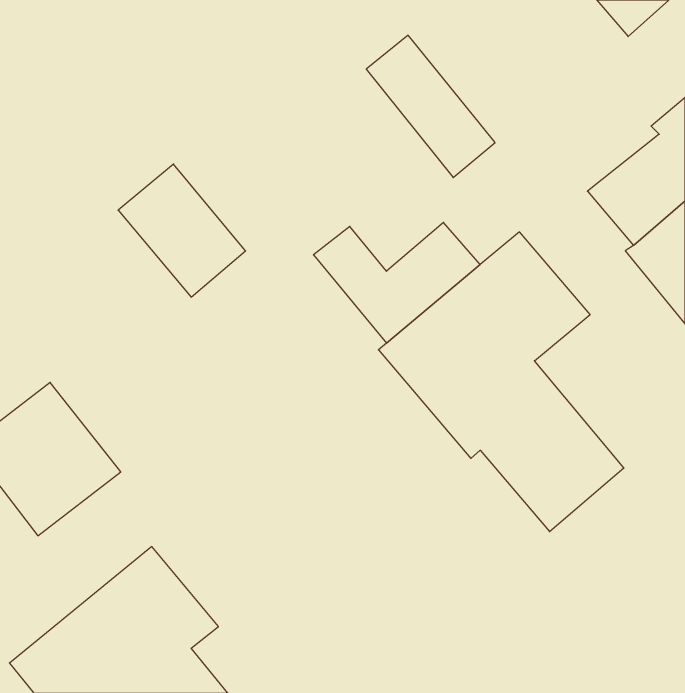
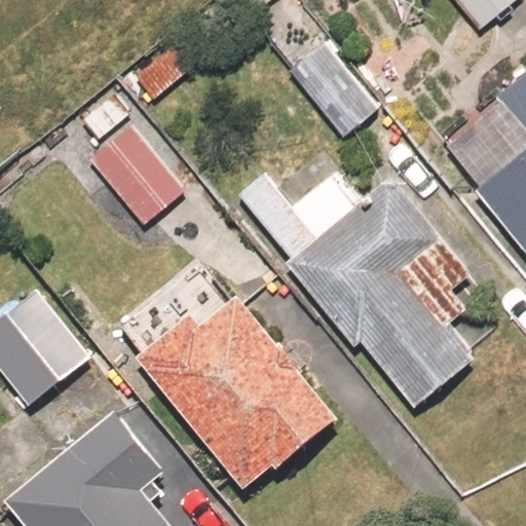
building: none -> [136,298,338,491]

